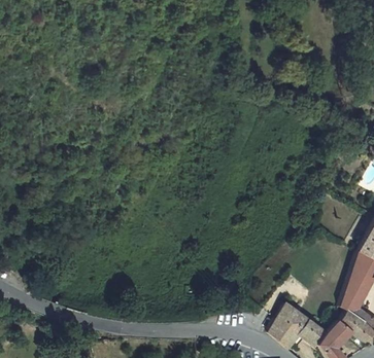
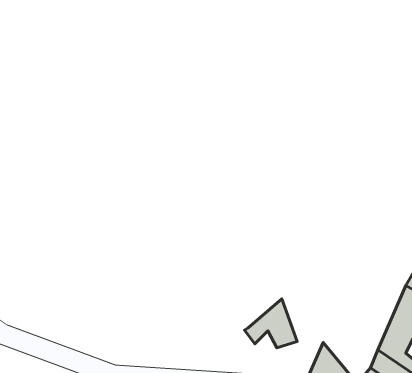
building: none -> [244,299,297,348]

